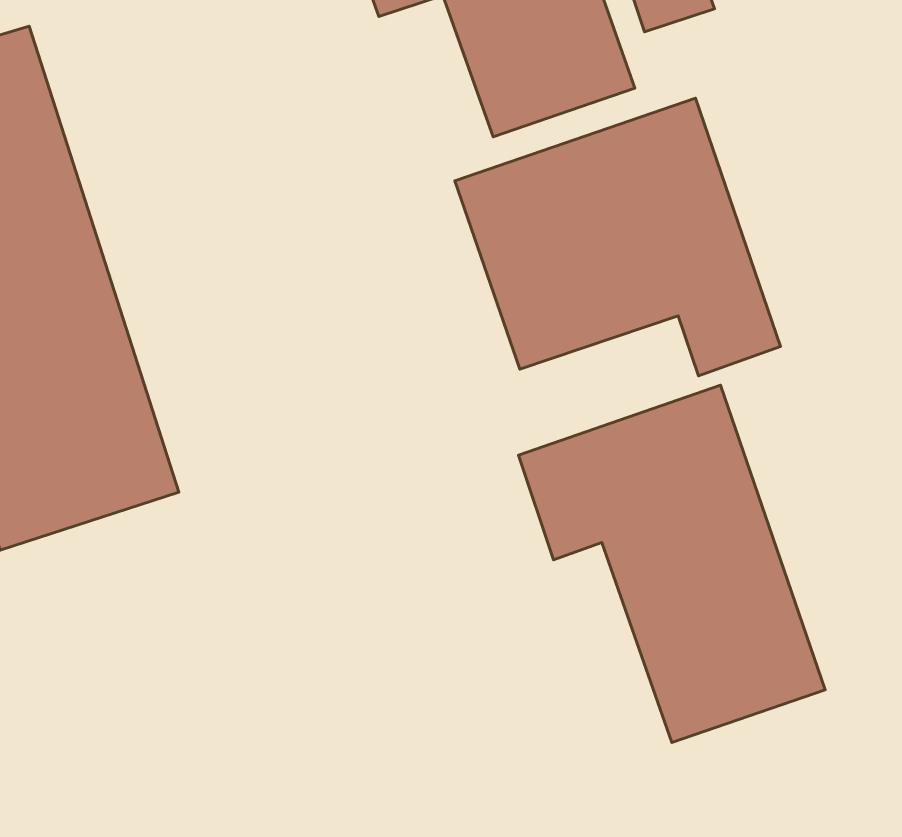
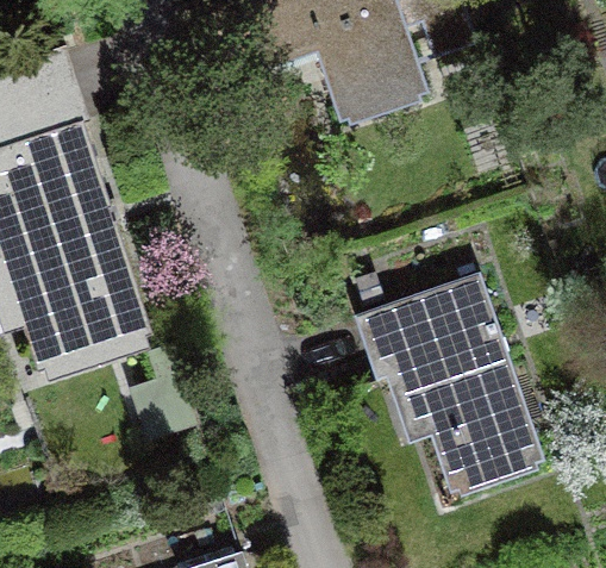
building: [455,98,780,376] -> none

